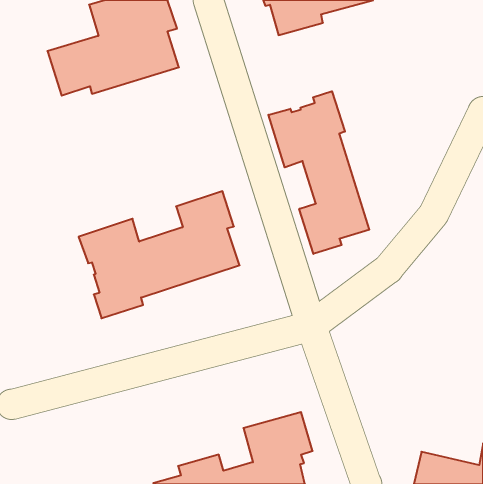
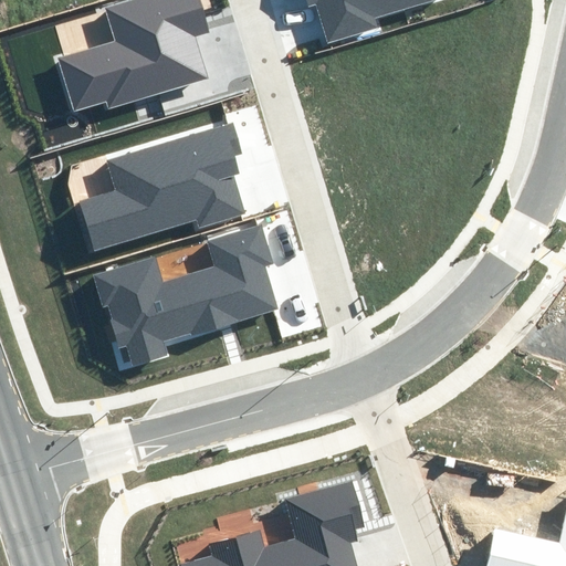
building: [268,91,369,254] -> none
building: none -> [76,122,244,251]

